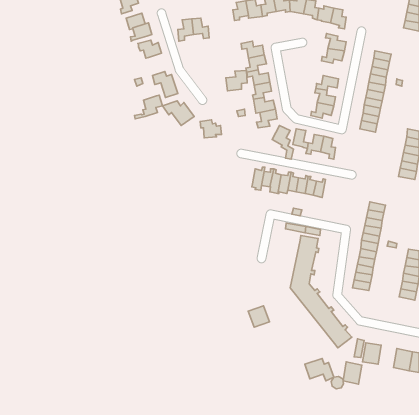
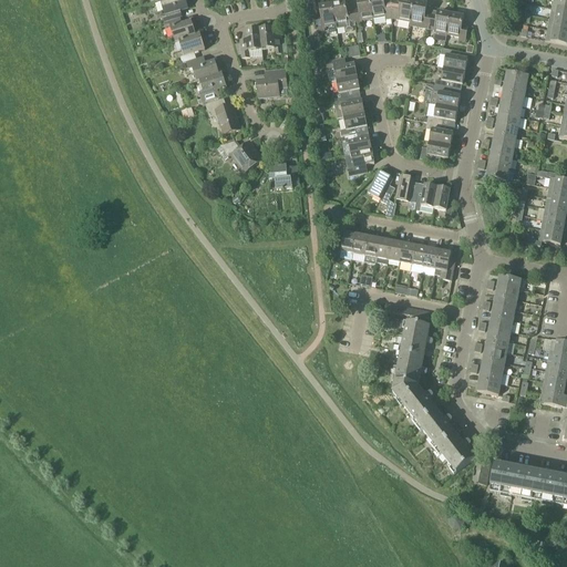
building: none -> [431,82,460,106]
building: [226,70,247,91] -> [257,68,286,95]
building: [134,95,162,119] -> [188,71,226,103]
building: none -> [434,243,455,278]
building: [248,306,270,327] -> none
building: [305,358,334,381] -> none
building: [343,362,362,384] -> [511,466,536,496]

